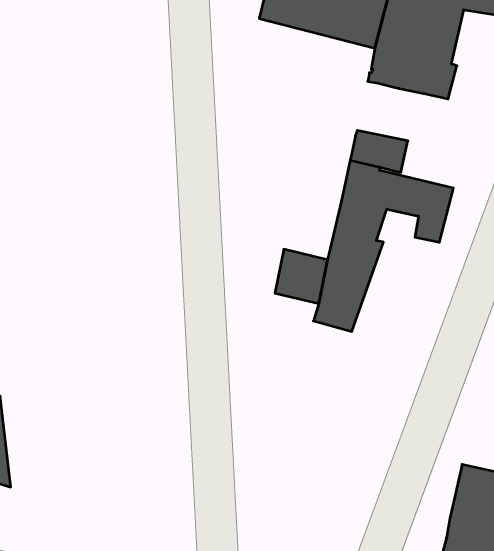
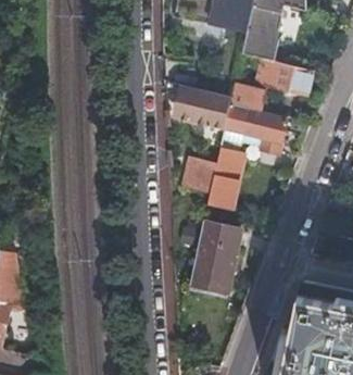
building: none -> [245,54,312,92]
building: none -> [176,87,231,127]
building: none -> [189,217,241,290]

